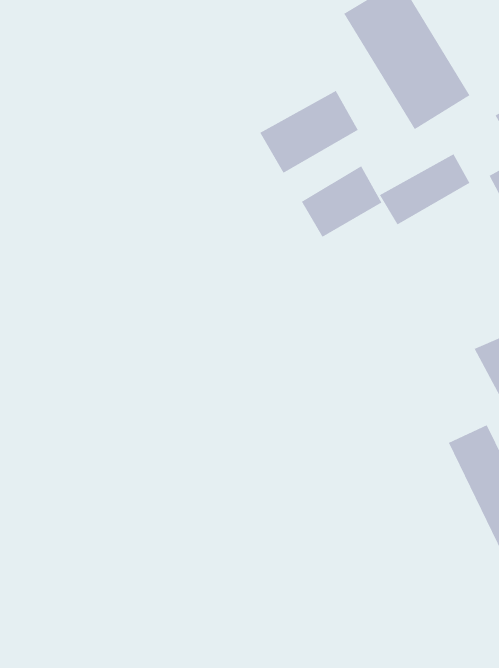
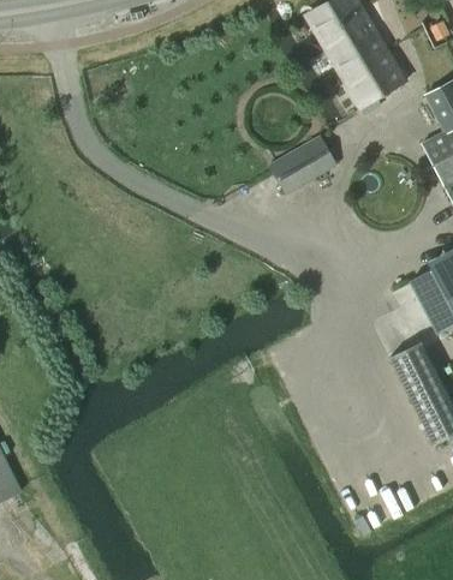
building: [259,90,359,174] -> none
building: [379,153,471,225] -> none

